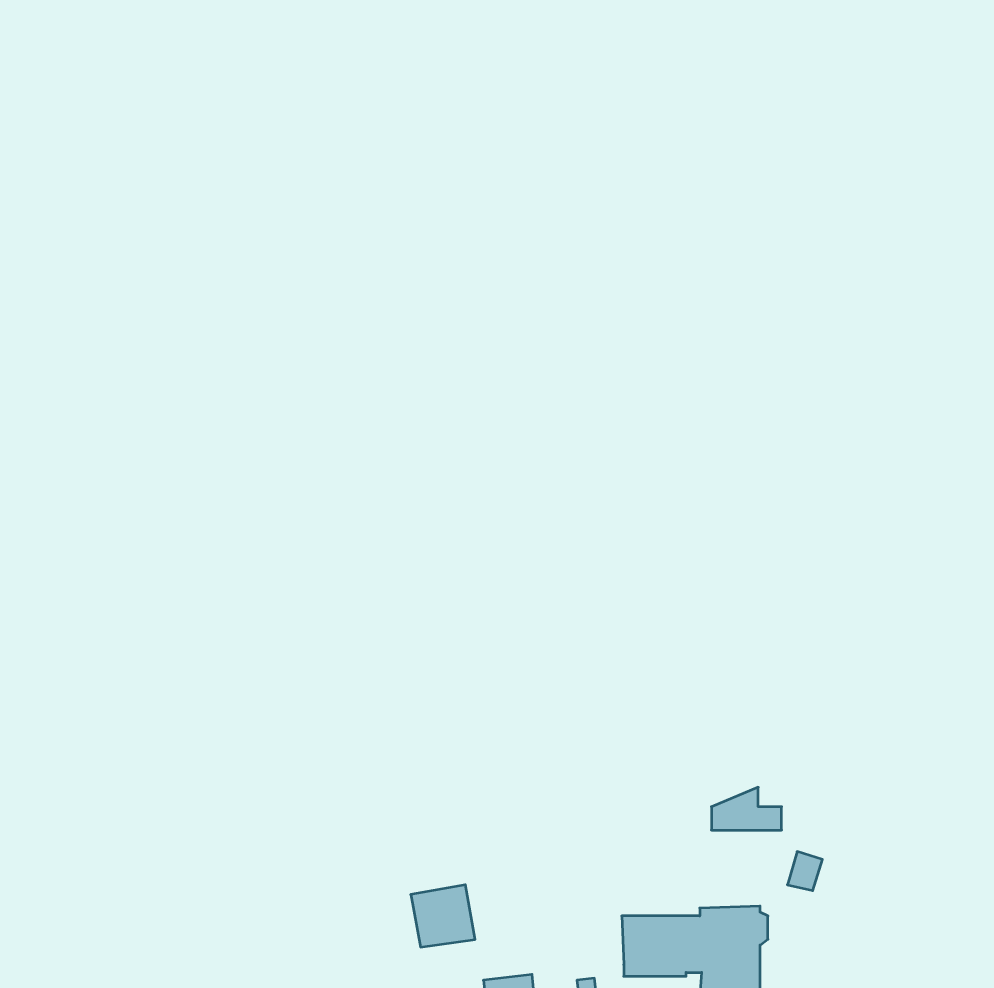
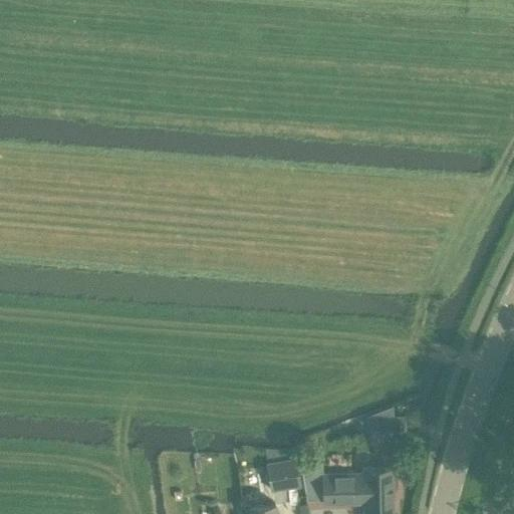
building: [411,885,475,947] -> [266,462,299,494]

